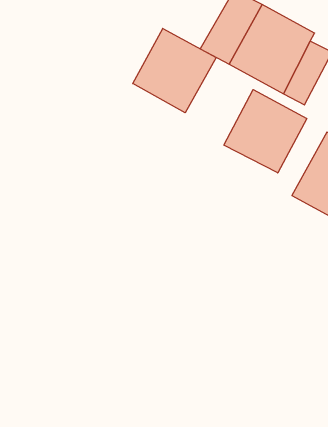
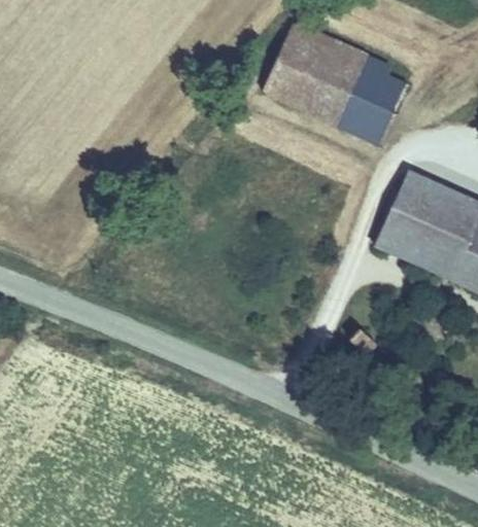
building: [133,28,216,113] -> none
building: [224,90,307,173] -> none

